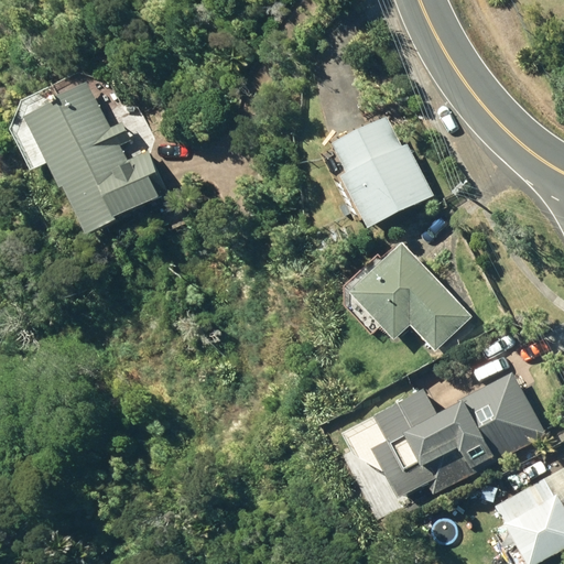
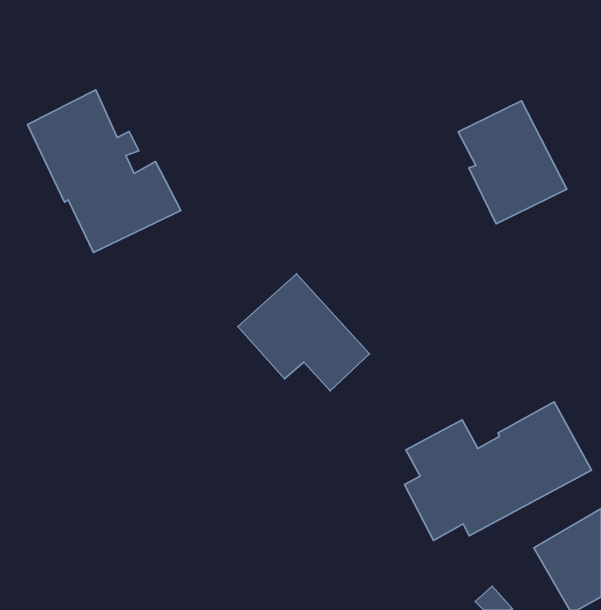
building: [330,112,431,226] -> [458,101,567,224]
building: [348,241,469,349] -> [238,274,370,391]

